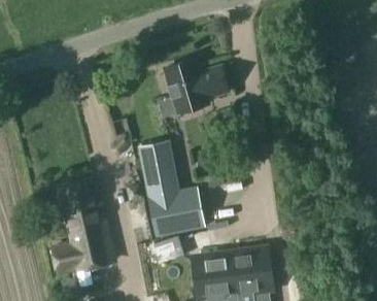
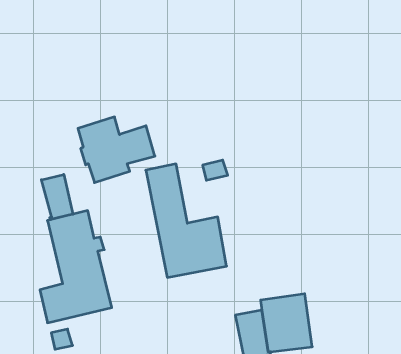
building: [165,60,228,113] -> [78,117,155,183]
building: none -> [41,174,73,220]

